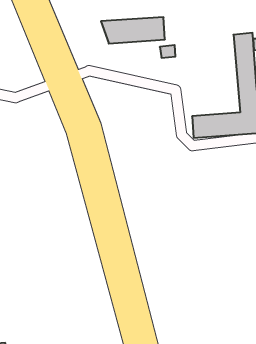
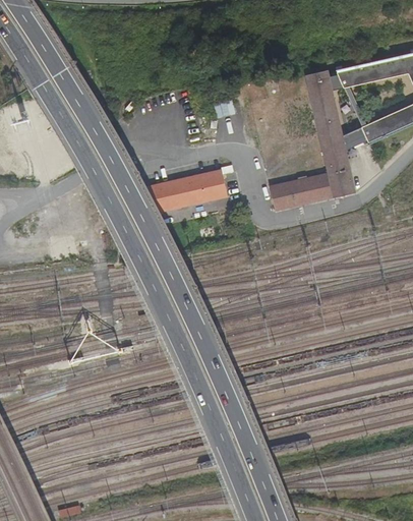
building: [101,17,165,44] -> [145,167,229,211]

